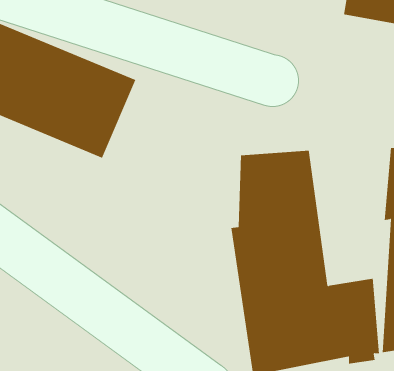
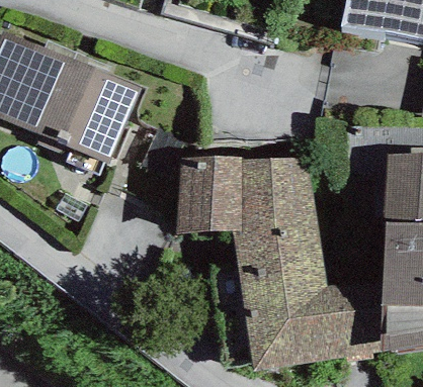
building: none -> [176,156,242,233]

